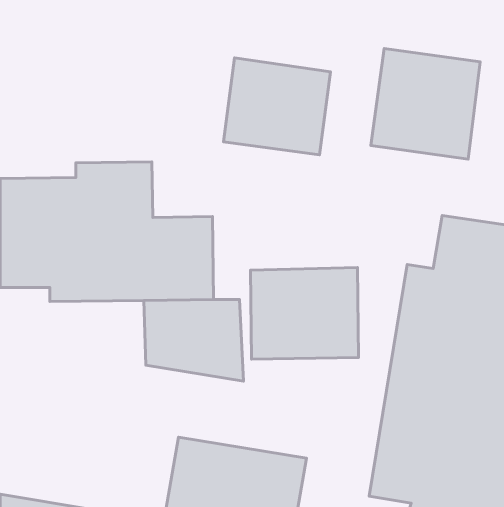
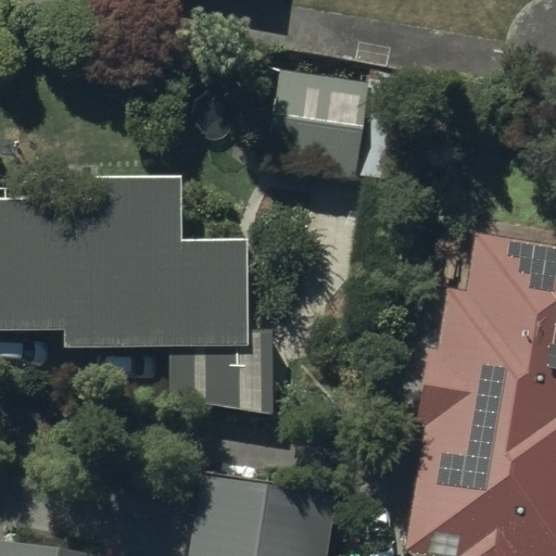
building: [371,49,480,159] -> none
building: [250,267,358,359] -> none

